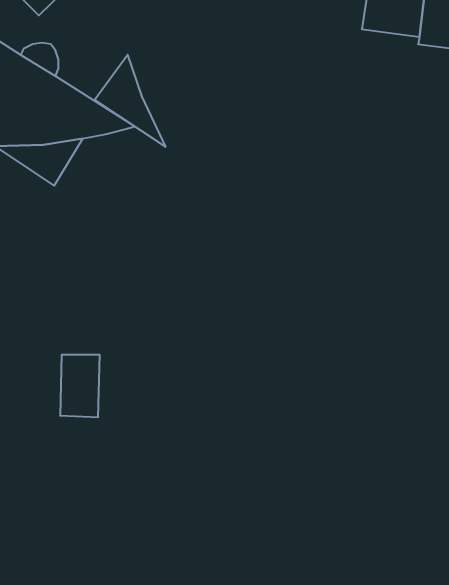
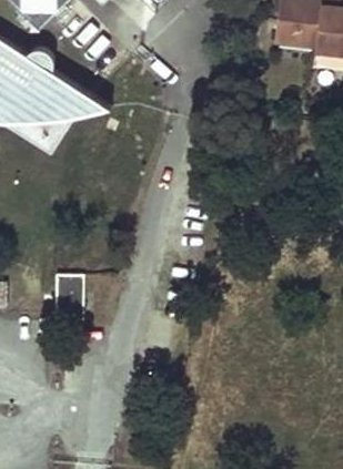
building: [95,55,165,147] -> none

